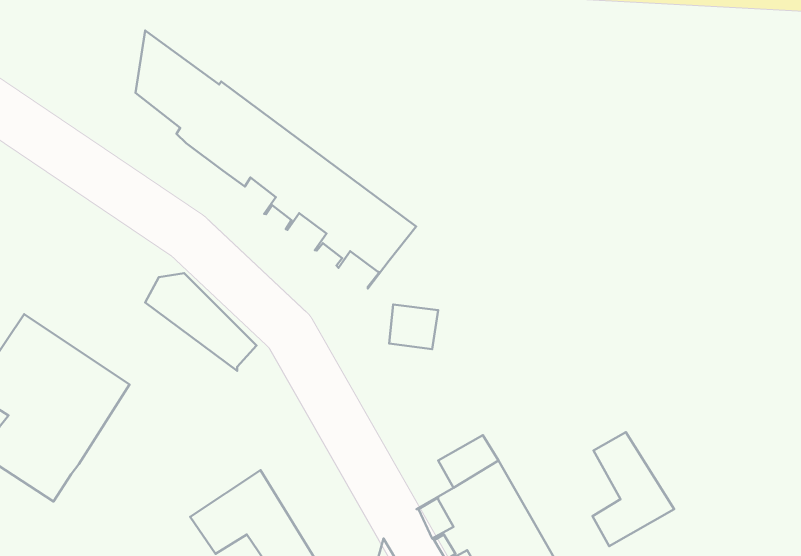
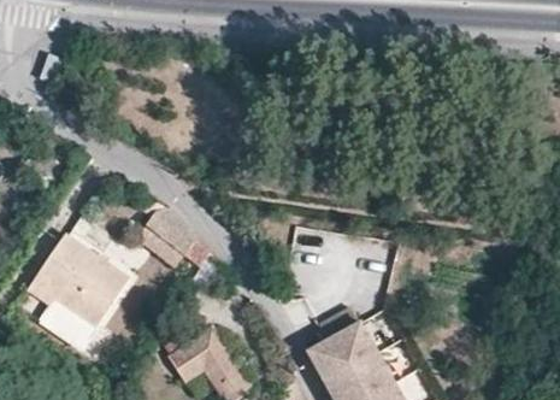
building: [135,31,416,289] -> none
building: [593,432,674,546] -> none

